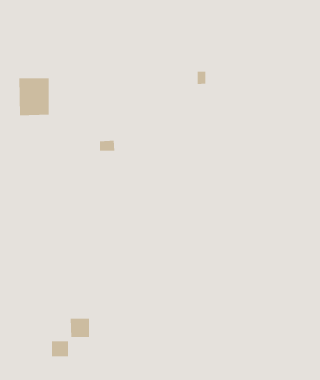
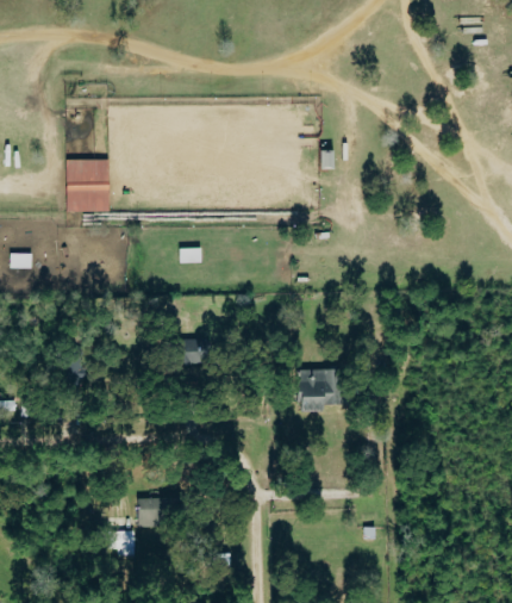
building: none -> [173,340,194,366]
building: none -> [296,369,342,410]

